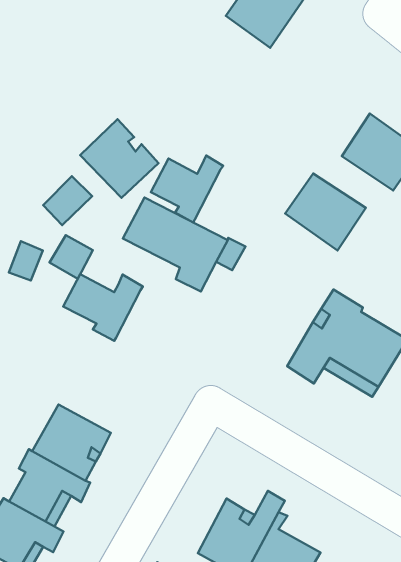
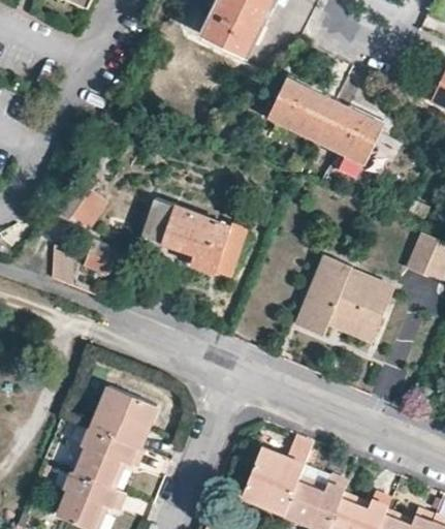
building: [80,119,159,198] -> none
building: [151,155,223,222] -> none
building: [285,173,366,250] -> [267,80,335,142]
building: [63,274,143,341] -> none

